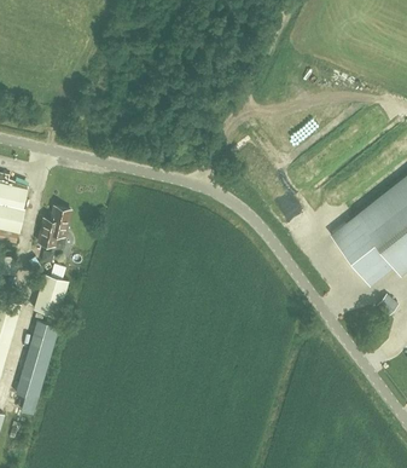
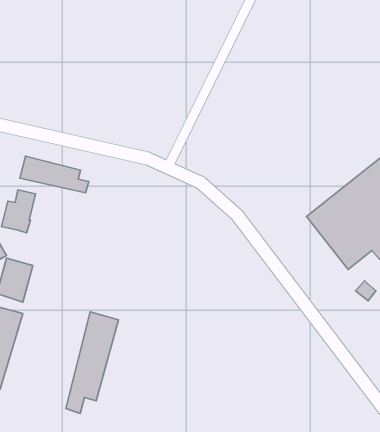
building: none -> [20,156,89,193]
building: none -> [66,312,118,413]

